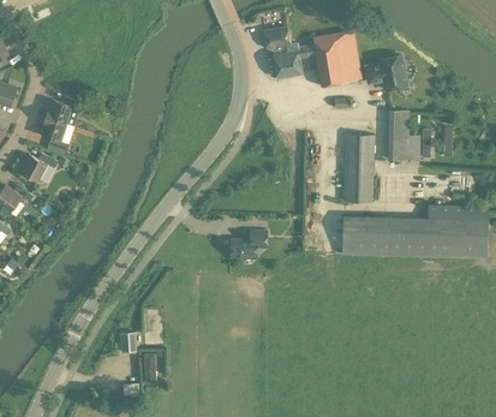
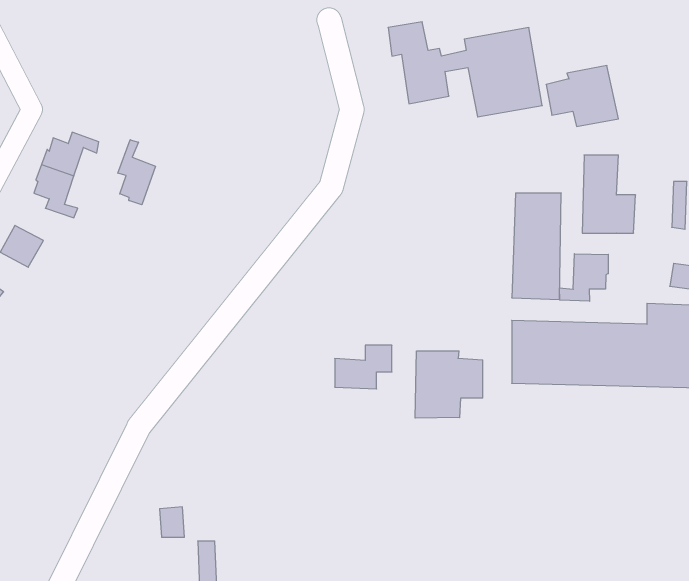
building: none -> [118,140,156,205]
building: none -> [560,254,608,301]
building: none -> [415,351,483,418]

